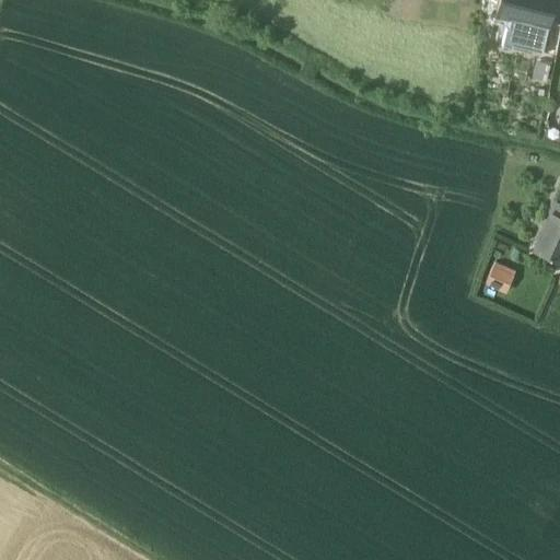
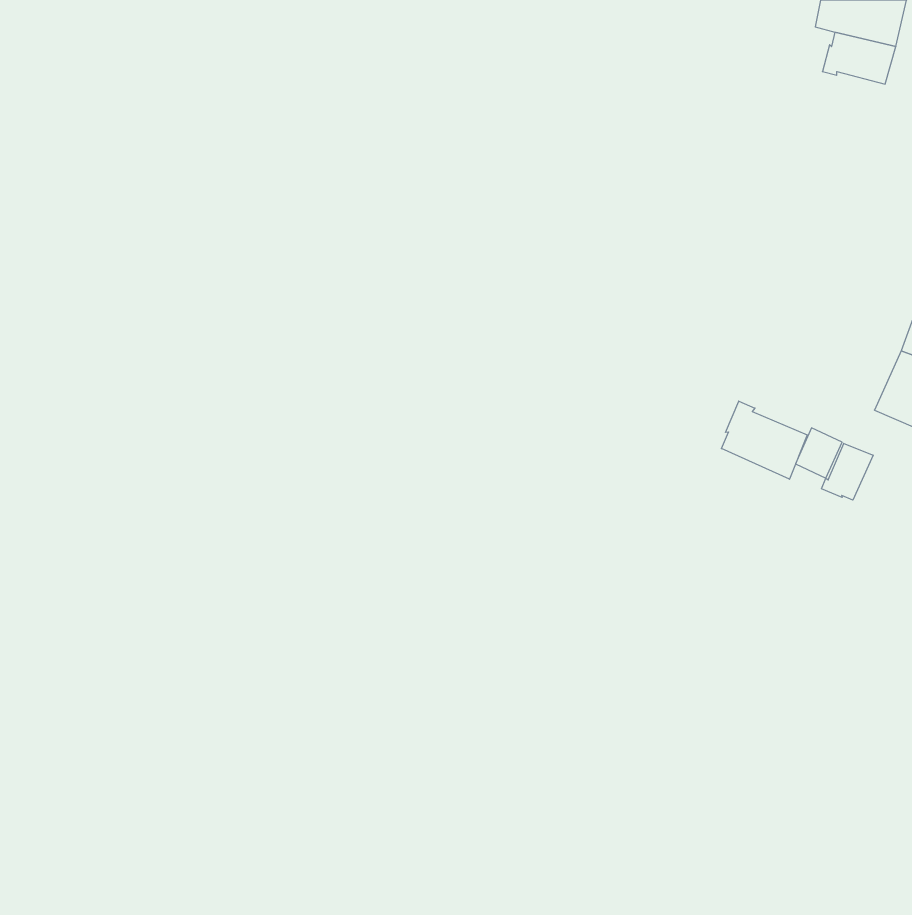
building: none -> [721,401,807,479]
building: none -> [821,443,873,500]

